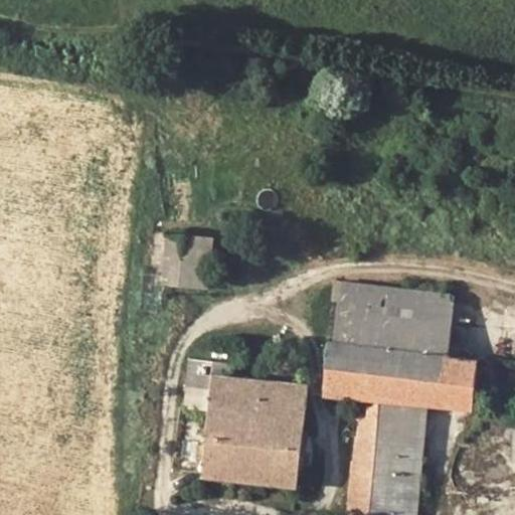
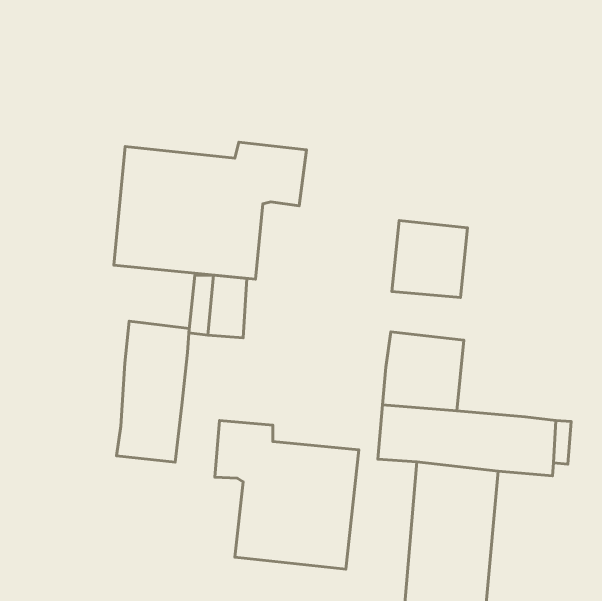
building: none -> [114,142,306,279]
building: none -> [116,321,189,462]
building: [390,292,455,357] -> [392,221,468,297]

